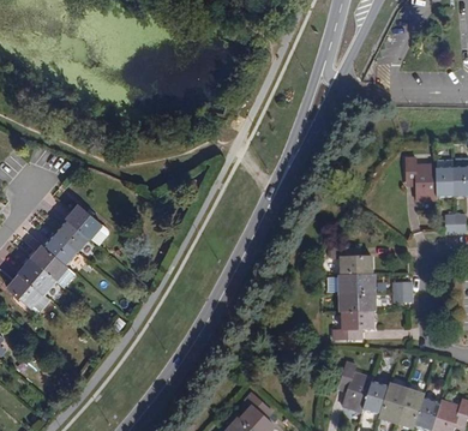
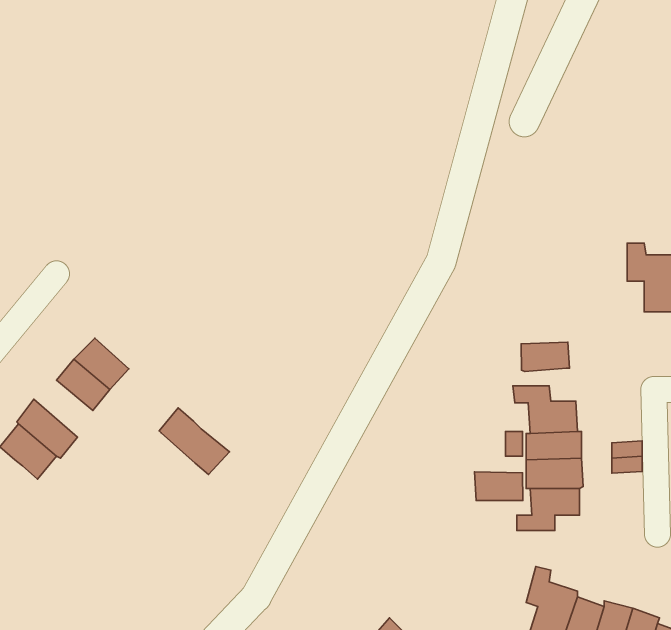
building: [66,202,110,244] -> [159,408,230,475]
building: none -> [521,342,570,372]
building: [29,243,68,280] -> none
building: none -> [474,472,523,501]

